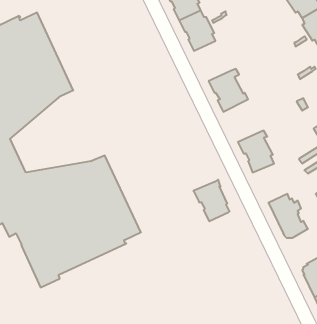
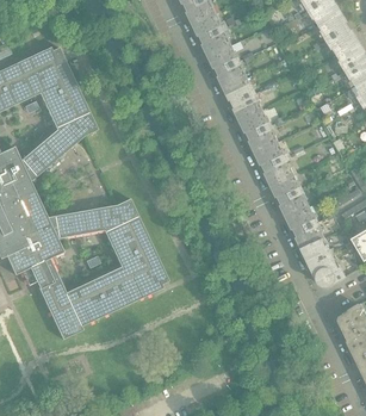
building: none -> [223,77,261,120]
building: none -> [254,139,296,185]
building: [193,180,230,221] -> [285,205,323,249]

